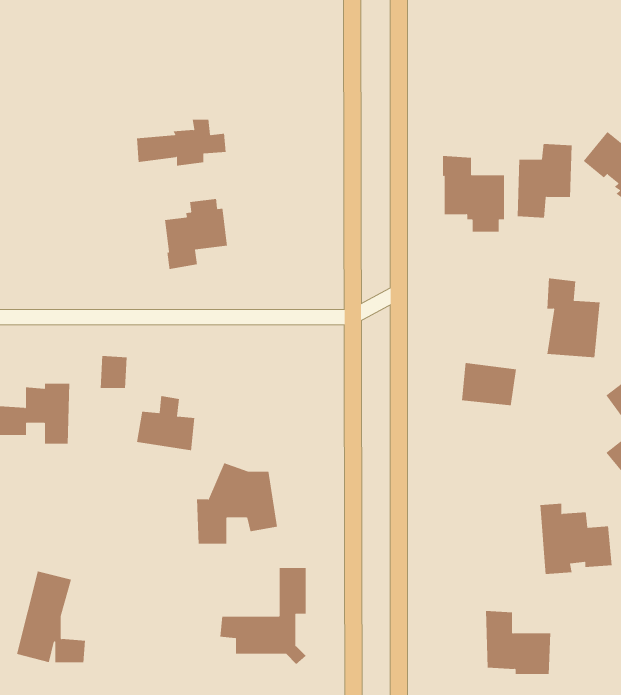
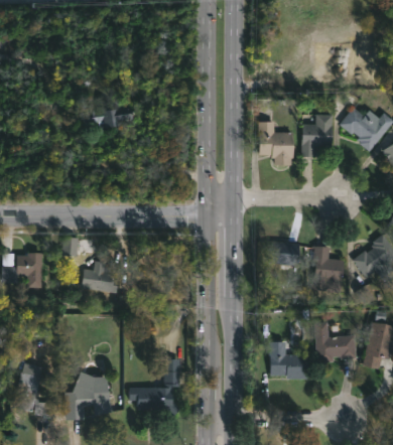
building: [164,198,227,270] -> none
building: [547,278,600,358] -> [312,246,344,292]
building: [196,462,278,544] -> [64,372,112,419]
building: [485,610,551,675] -> [270,341,308,379]

